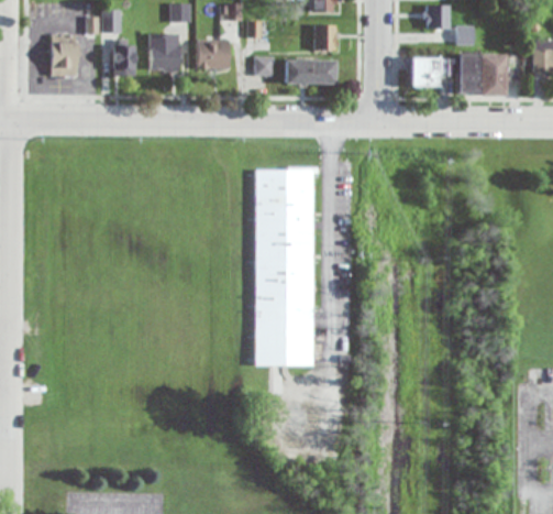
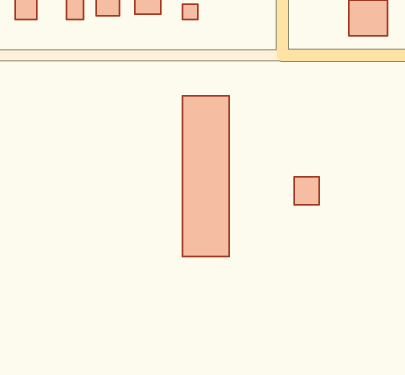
building: [410,57,449,87] -> none
building: [285,59,334,84] -> none
building: none -> [294,177,319,205]

